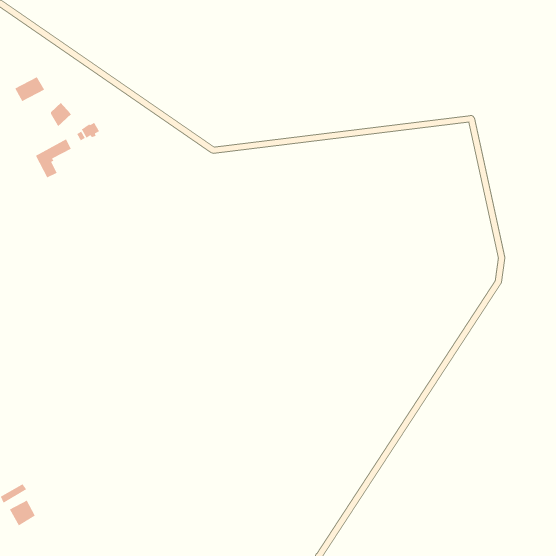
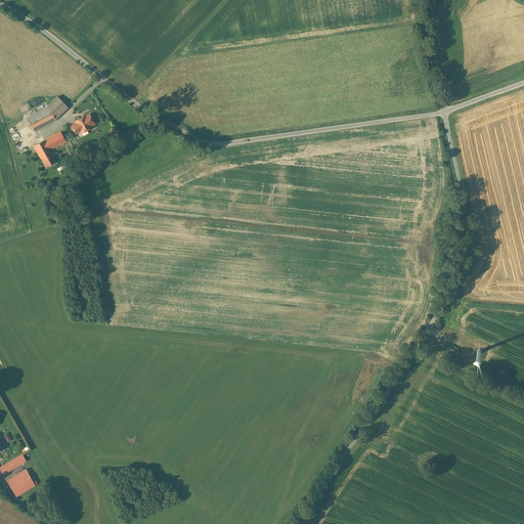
building: [14,76,45,102] -> [26,107,54,132]

